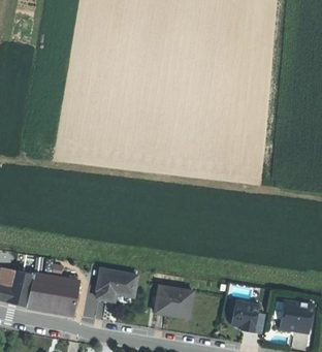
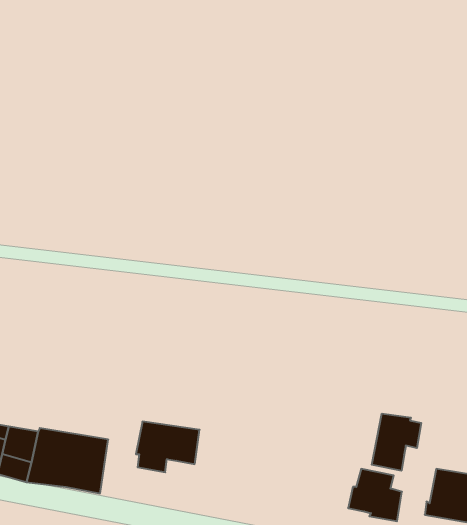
building: none -> [372,414,421,471]
building: [153,286,193,316] -> none

